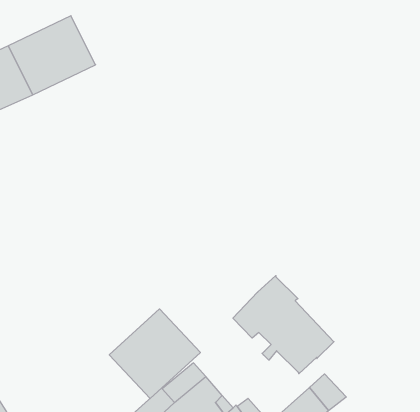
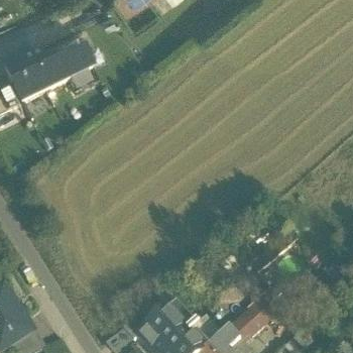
building: [233,276,334,374] -> none
building: [109,309,200,399] -> none

